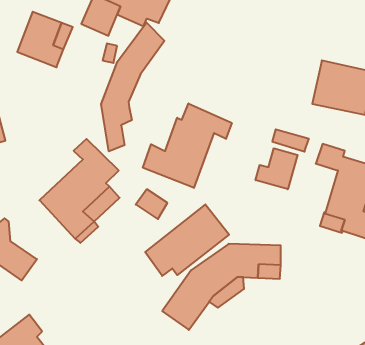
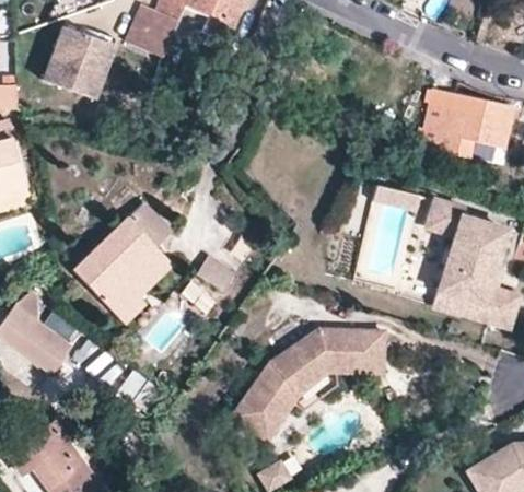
building: [101,22,164,151] -> none
building: [143,103,232,188] -> none
building: [256,148,298,189] -> none
building: [145,204,229,276] -> none

